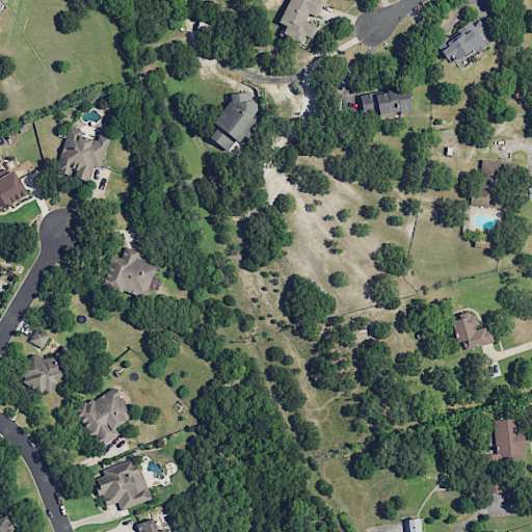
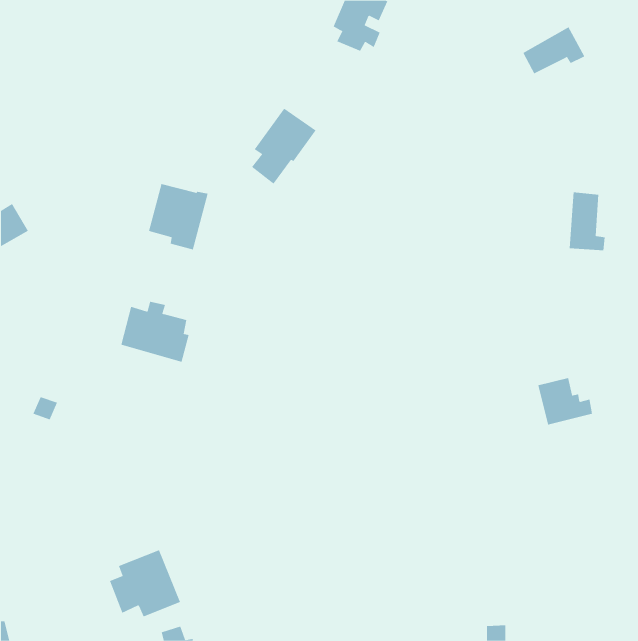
building: [358,87,415,115] -> none
building: [58,128,108,183] -> [148,184,209,250]
building: [22,354,63,395] -> none
building: [76,388,132,450] -> none
building: [496,419,523,459] -> none

